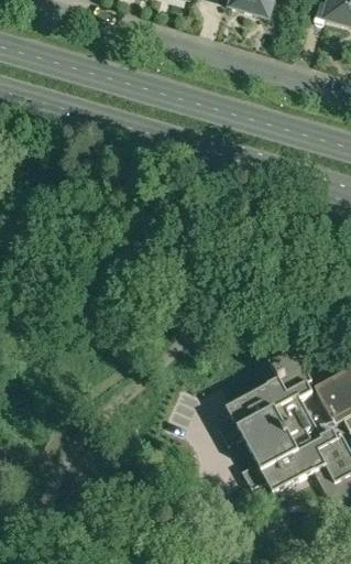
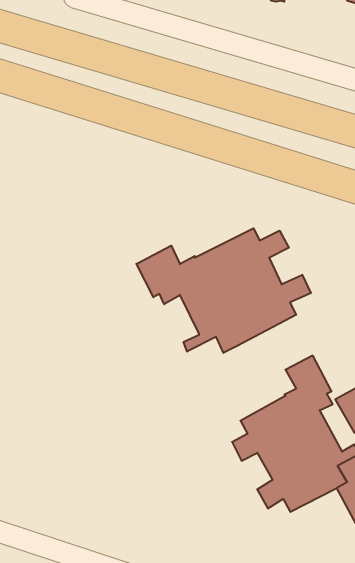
building: none -> [136,228,311,353]

